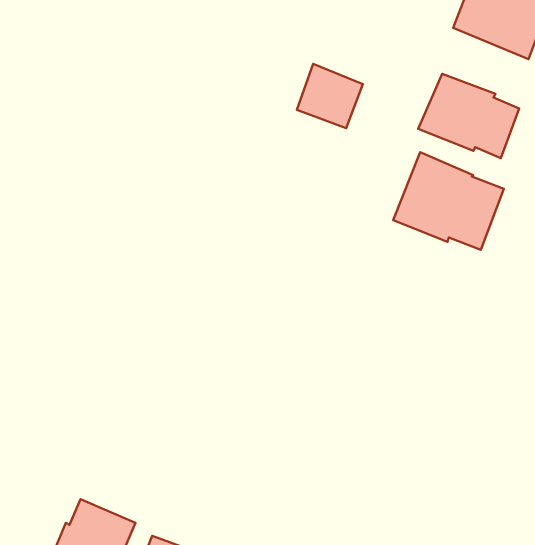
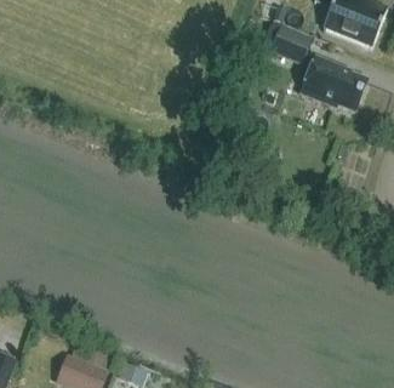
building: [297,64,363,128] -> [270,22,314,64]
building: [393,152,504,250] -> none

